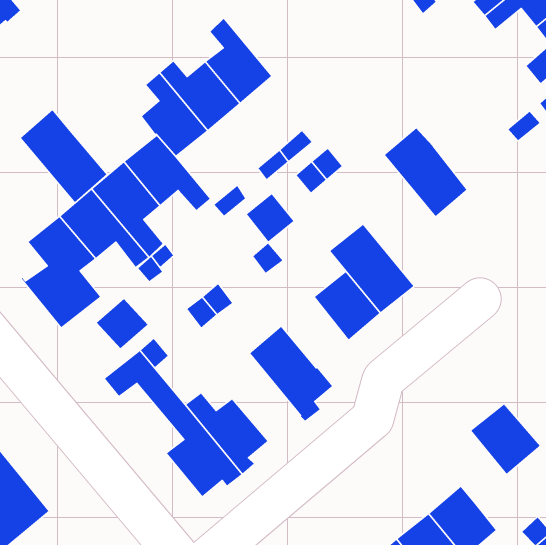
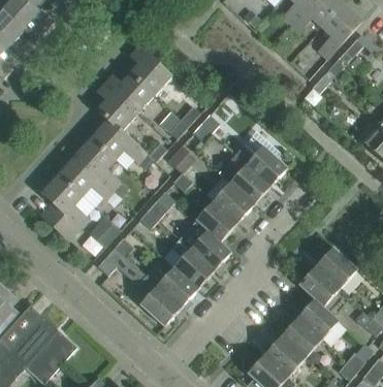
building: [20,109,107,203] -> none
building: [384,128,468,217] -> [236,135,288,186]
building: none -> [197,200,237,241]
building: none -> [172,238,216,288]
building: none -> [299,265,341,307]

